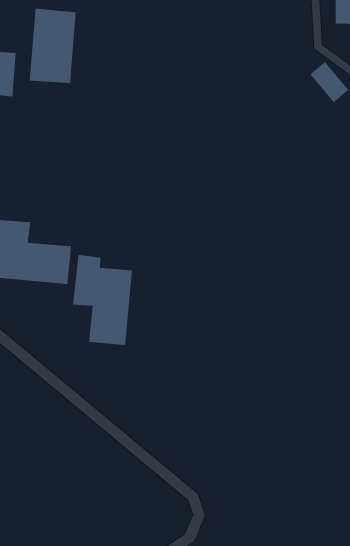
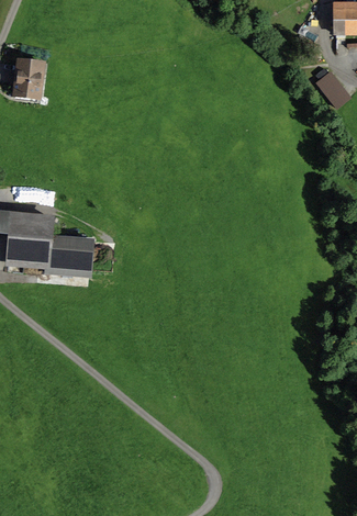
building: [29,8,76,84] -> none
building: [73,254,133,346] -> none

